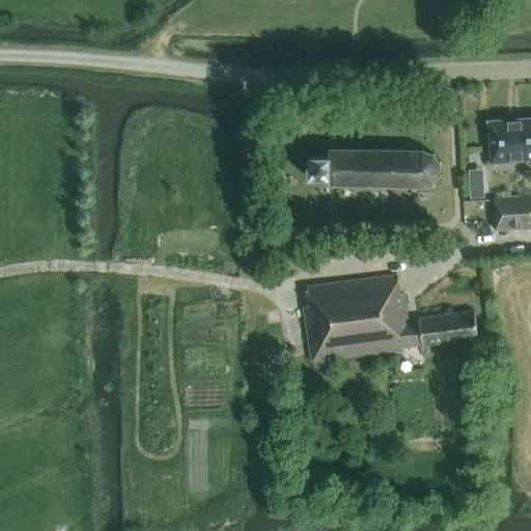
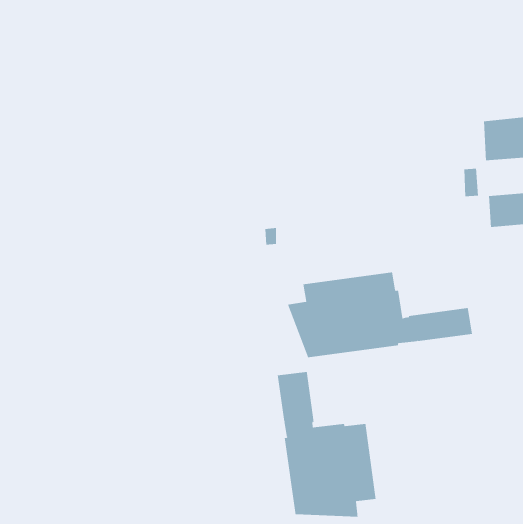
building: [310,149,443,188] -> none
building: none -> [277,371,376,518]

